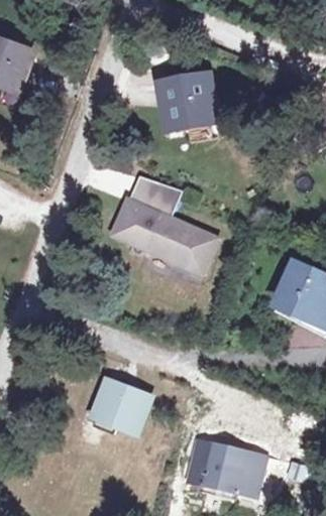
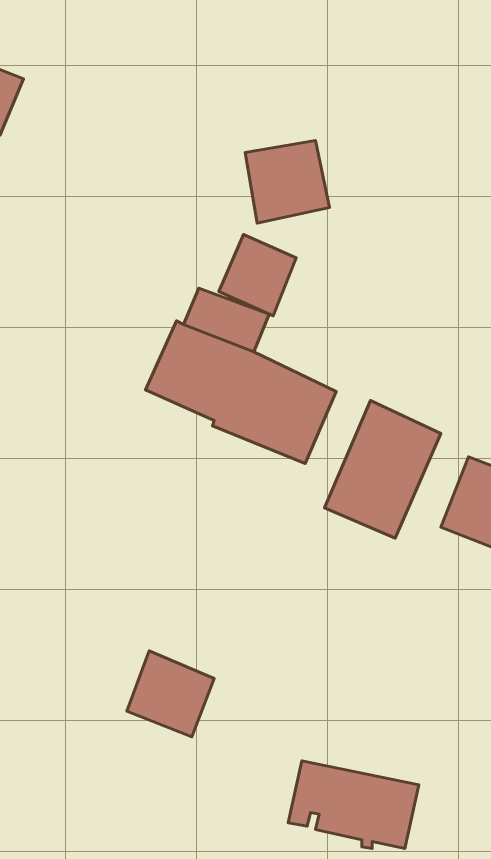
building: none -> [219,234,296,316]
building: none -> [325,400,441,538]

